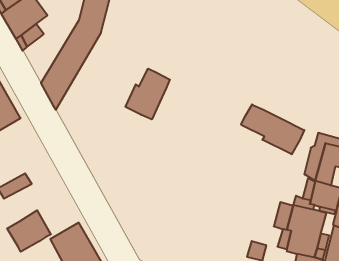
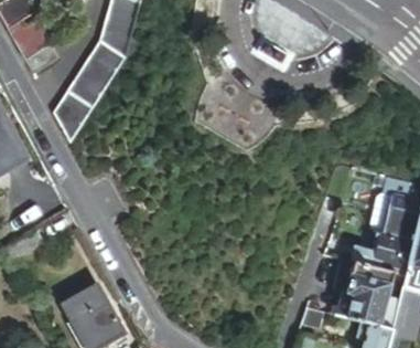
building: [125,69,170,119] -> none
building: [241,104,304,154] -> none
building: [7,210,51,252] -> none

